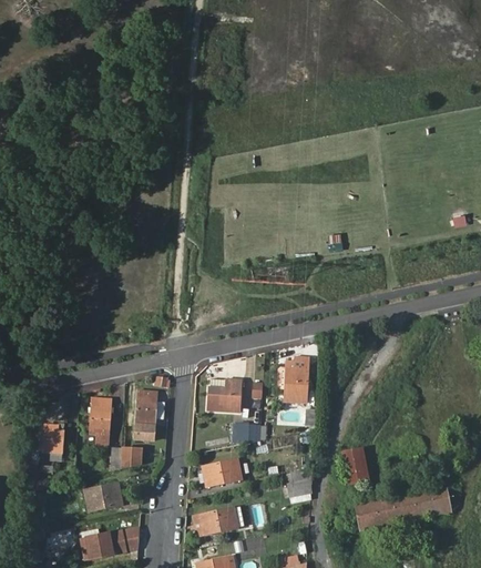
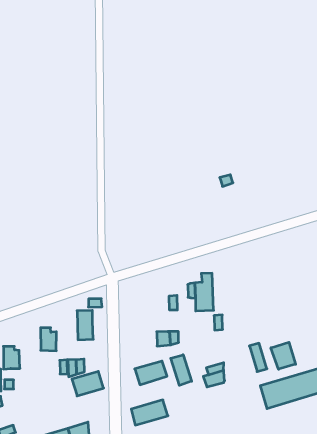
building: [208,379,242,412] -> none
building: none -> [271,342,296,369]
building: none -> [171,355,192,385]
building: [84,484,122,511] -> [72,371,104,396]

